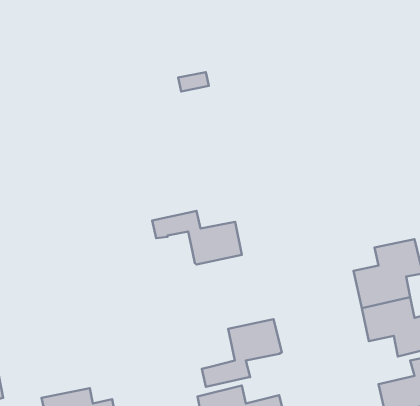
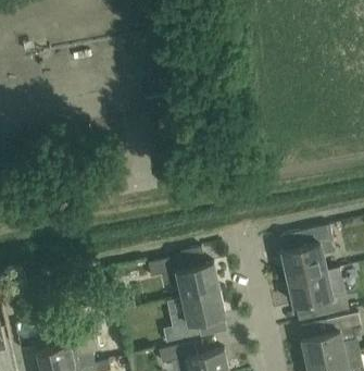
building: [152,211,242,265] -> [148,255,218,297]

